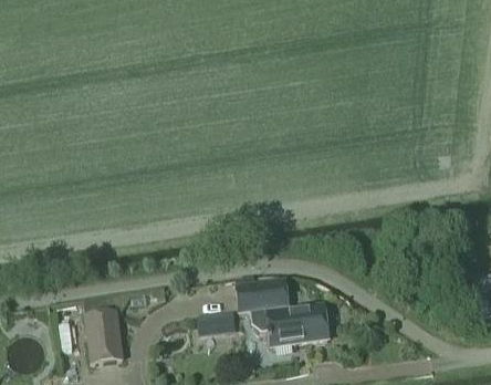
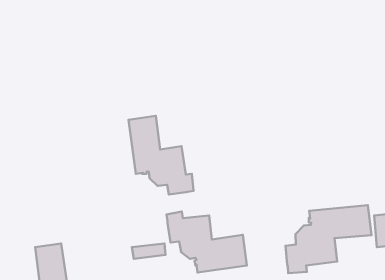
building: none -> [129,116,194,194]
building: none -> [286,205,371,273]

